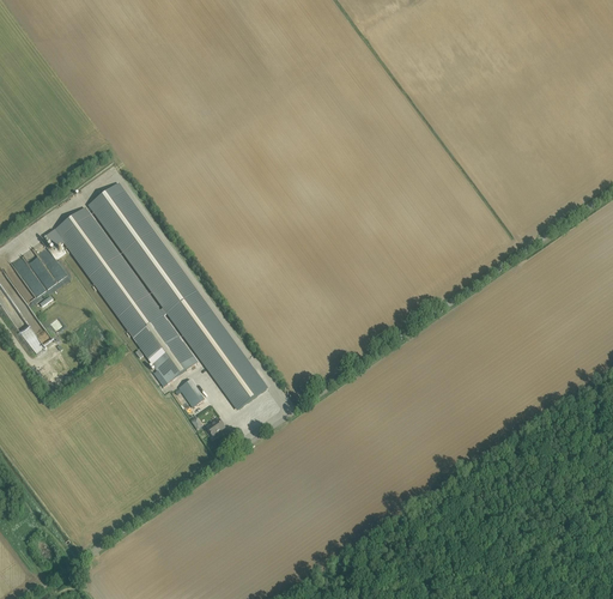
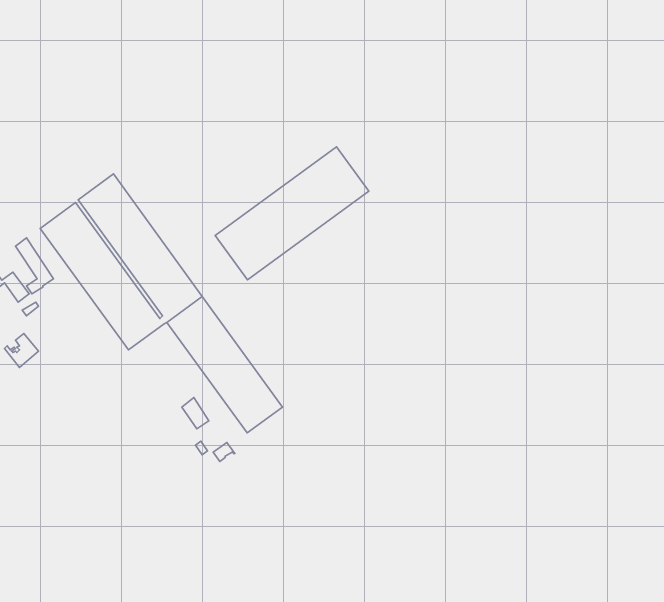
building: none -> [215,147,369,280]
building: [132,313,196,385] -> none

